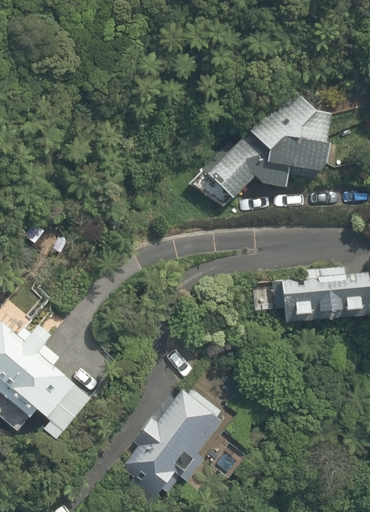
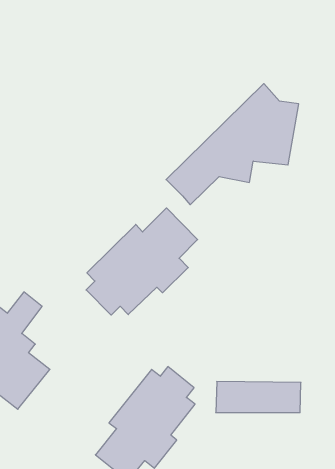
building: none -> [86,208,198,315]
building: [276,289,364,321] -> [216,382,301,413]

